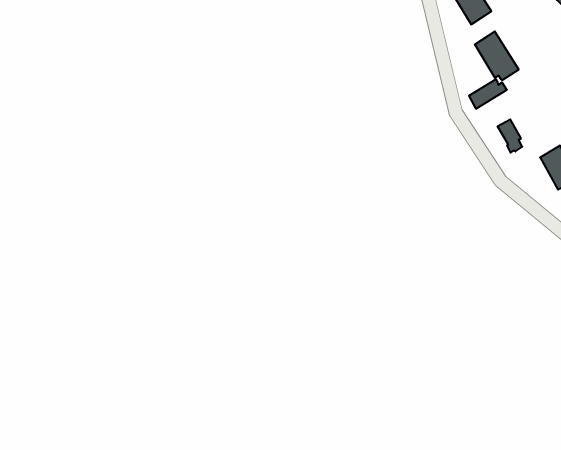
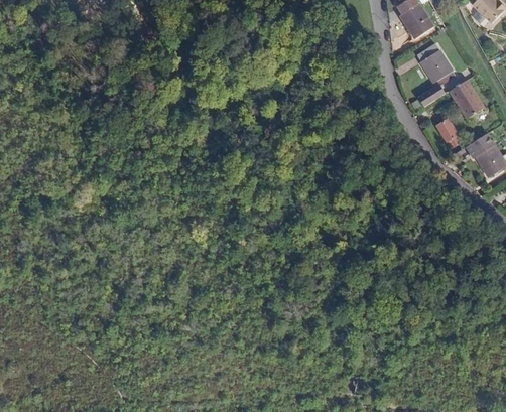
building: none -> [448,80,483,118]

